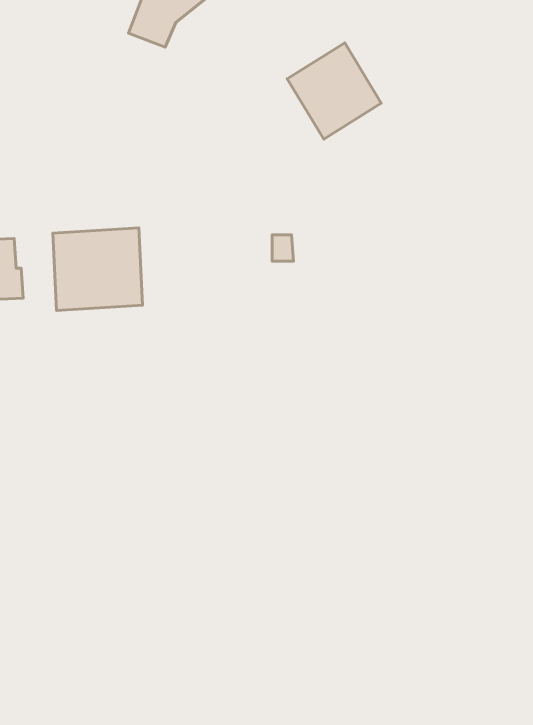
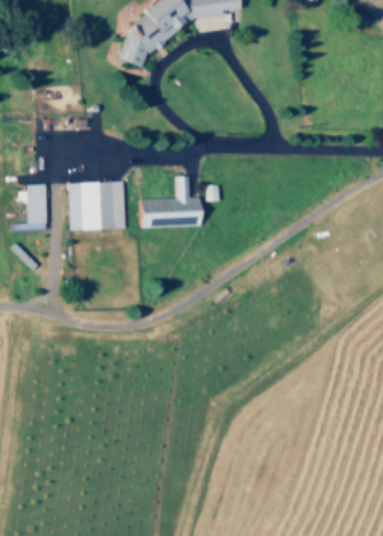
building: [287,43,381,139] -> none
building: none -> [143,174,201,228]

